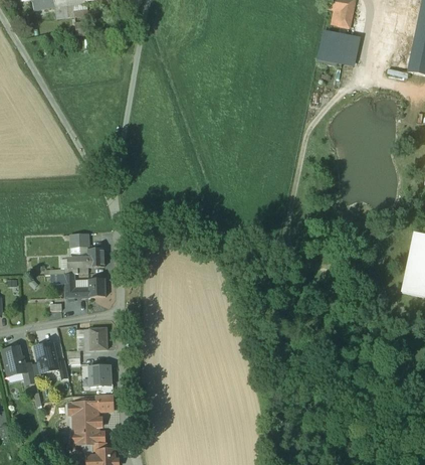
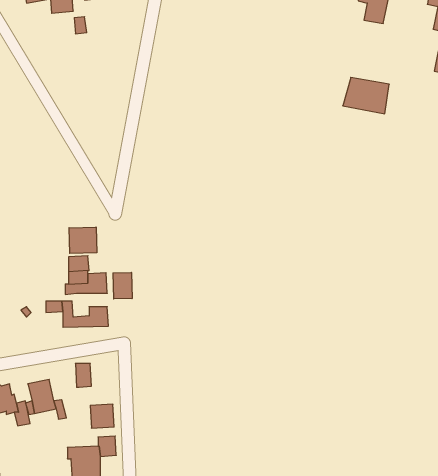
building: [318,31,360,63] -> [343,77,389,114]
building: none -> [69,227,97,253]
building: none -> [113,272,132,299]
building: [90,327,108,349] -> none

